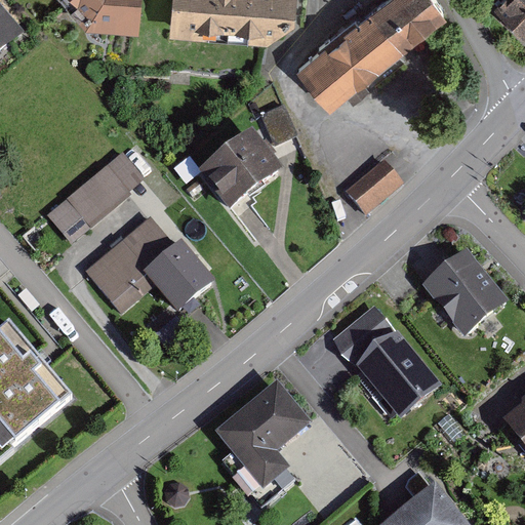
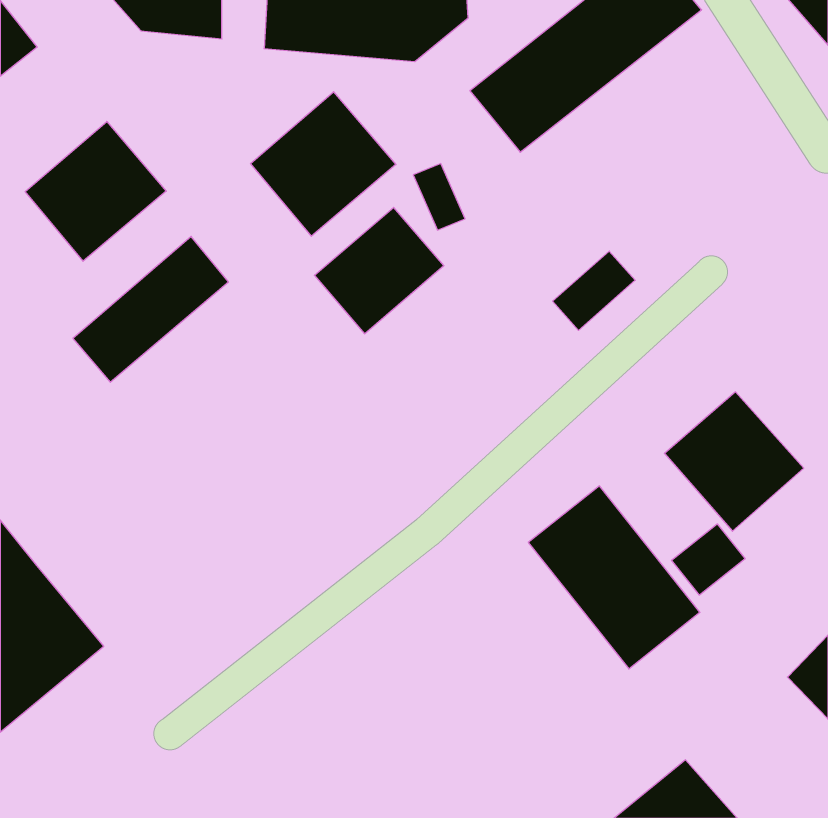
building: none -> [251,92,396,236]
building: none -> [25,121,166,261]
building: [88,216,216,316] -> none
building: none -> [672,524,745,595]
building: [214,386,308,493] -> none

